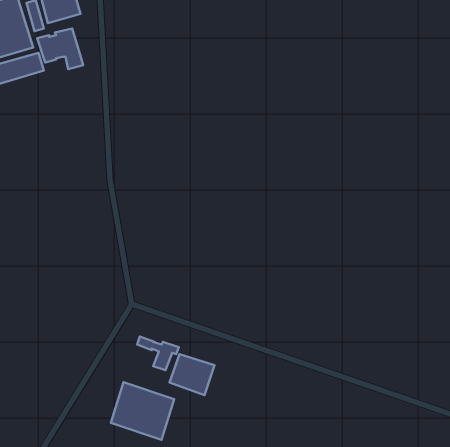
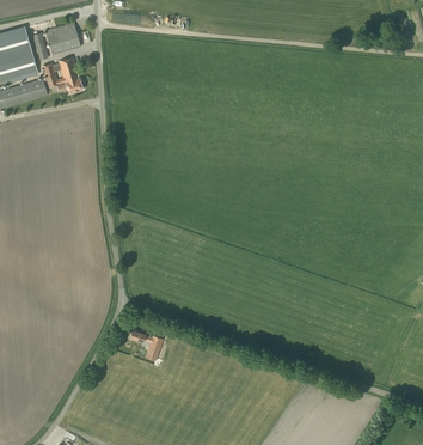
building: [170,354,214,395] -> none
building: [111,382,174,440] -> none

